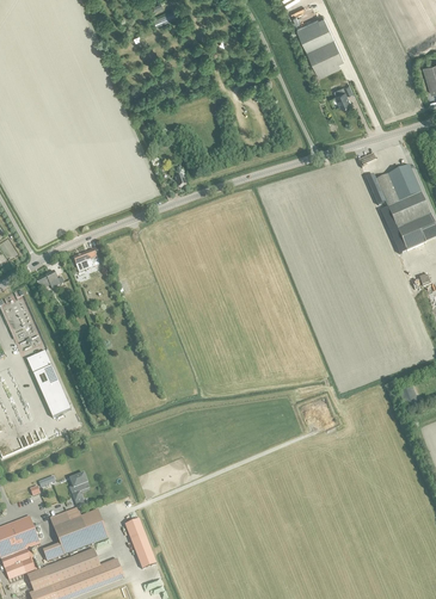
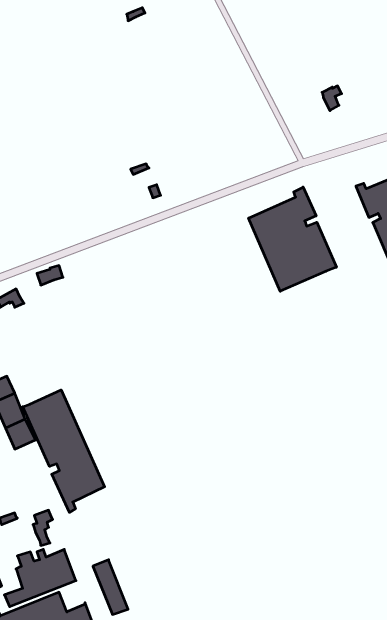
building: [296,16,344,76] -> none
building: none -> [249,187,336,291]
building: none -> [23,390,105,512]

